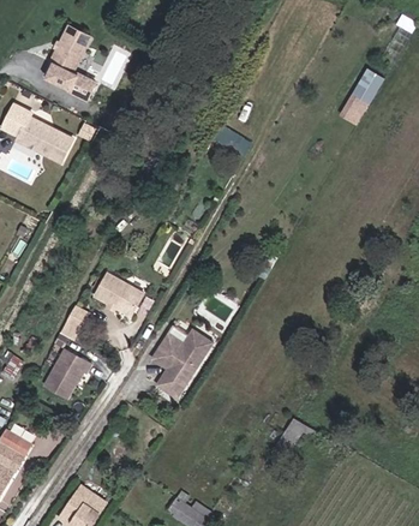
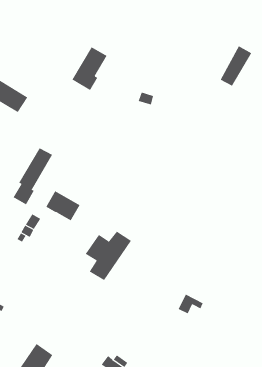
building: [46,28,96,90] -> [72,46,108,91]
building: none -> [13,148,53,205]
building: [44,347,91,396] -> none

